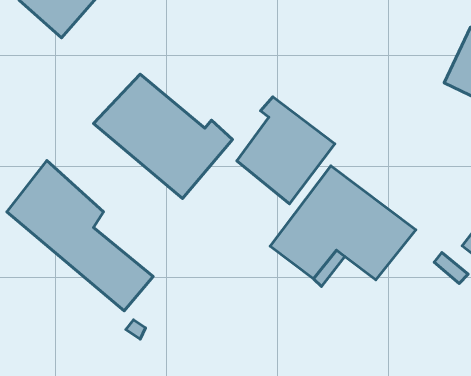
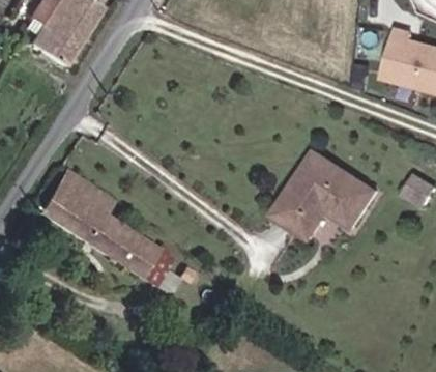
building: [94,74,233,199] -> none
building: [237,97,335,204] -> none

